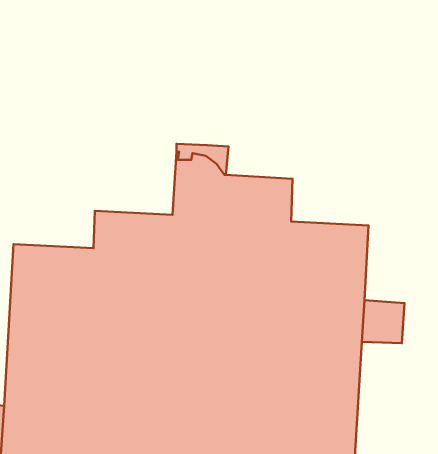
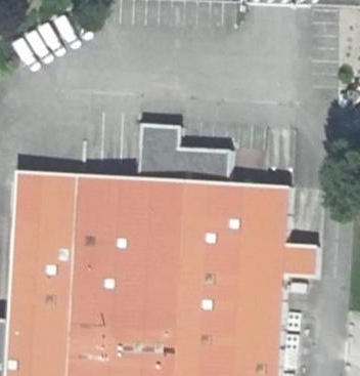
building: none -> [17,171,80,203]

